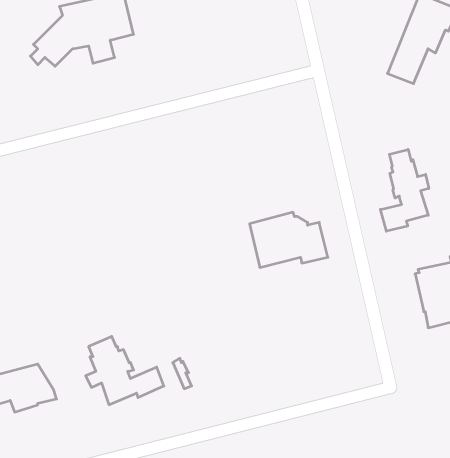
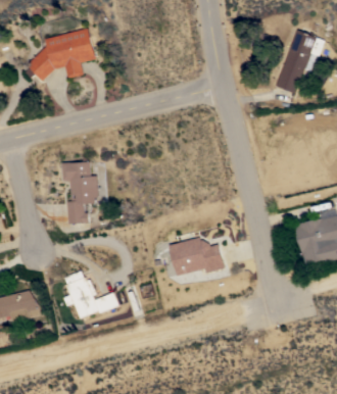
building: [380,149,429,231] -> none
building: none -> [61,161,97,224]
building: [250,212,328,267] -> [168,237,224,276]

